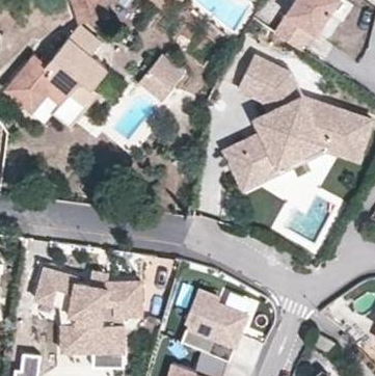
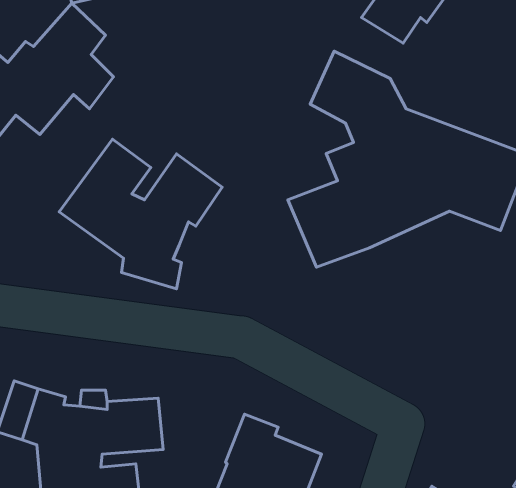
building: [141,55,188,103] -> none
building: none -> [59,139,222,289]

